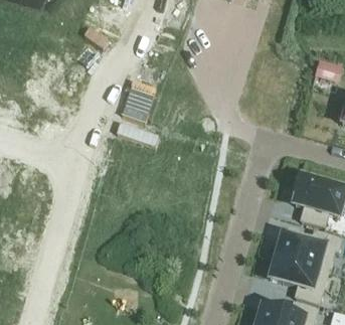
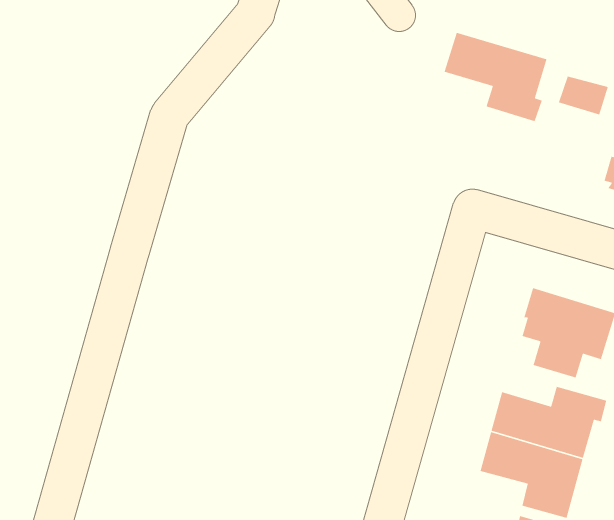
building: none -> [443,32,548,122]

